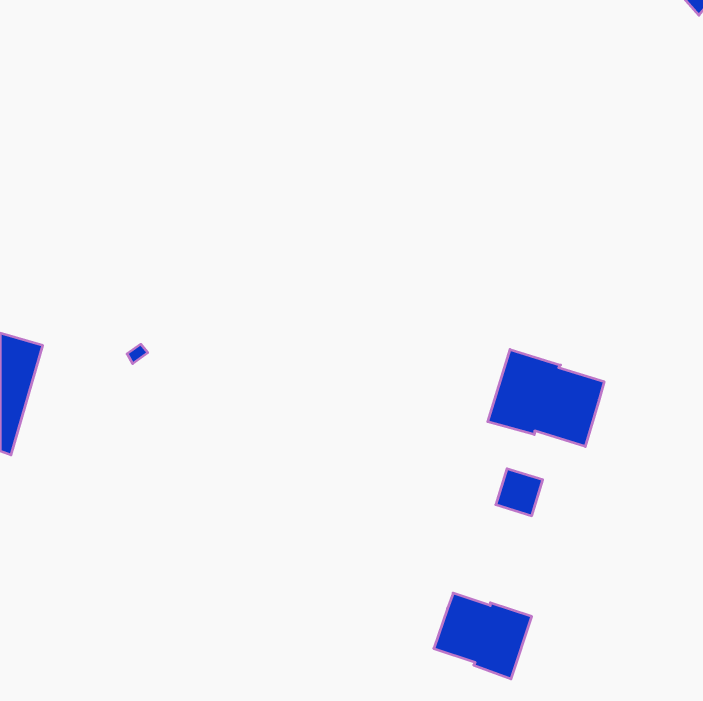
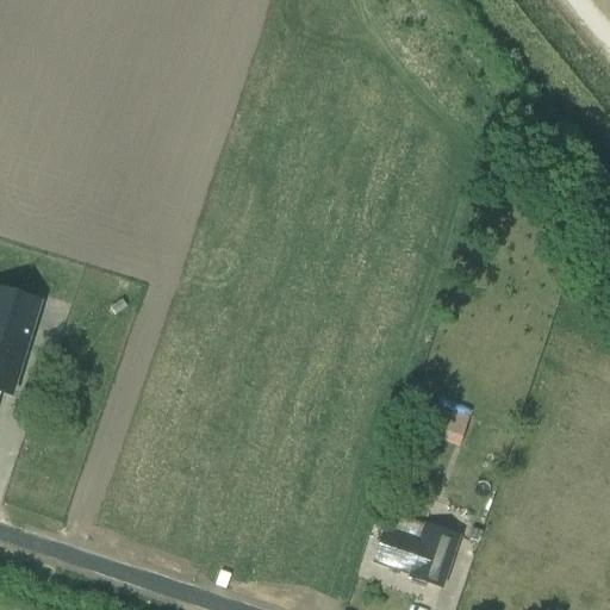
building: [488,349,604,447] -> none

